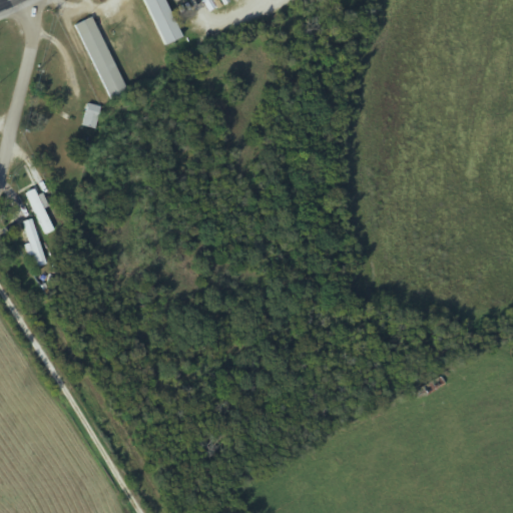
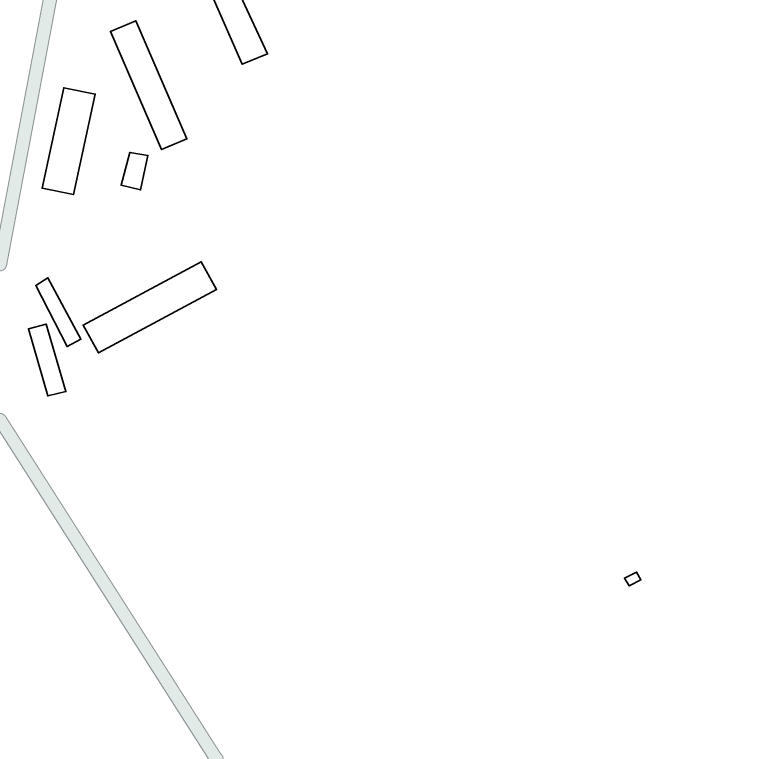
building: none -> [42,88,95,195]
building: none -> [83,262,217,353]

